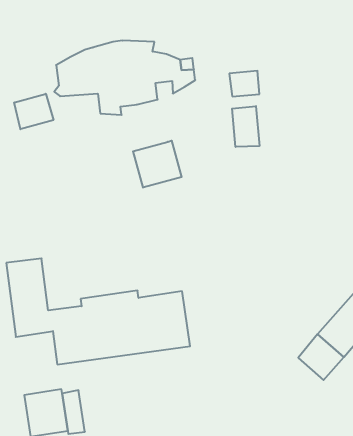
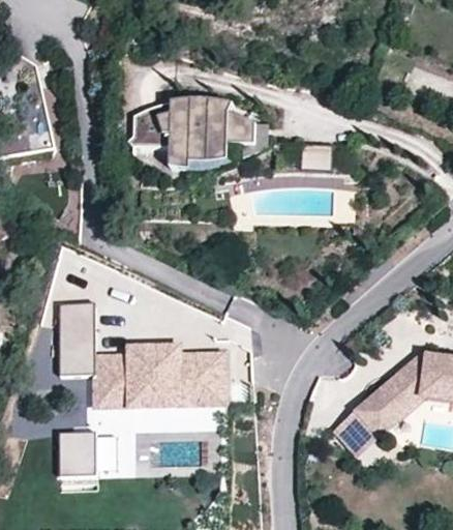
building: [14,94,53,129] -> none
building: [232,106,259,147] -> none
building: [133,141,182,188] -> none

